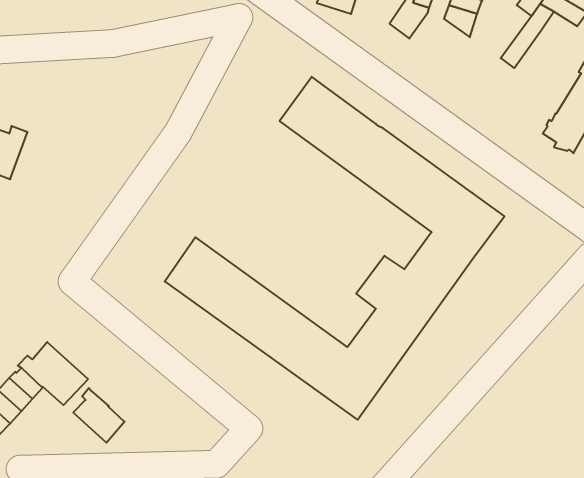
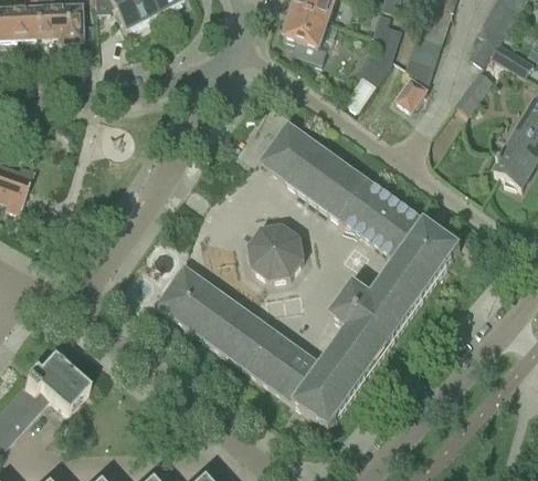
building: none -> [394,76,429,112]
building: none -> [247,223,303,280]
building: [73,388,125,443] -> none

